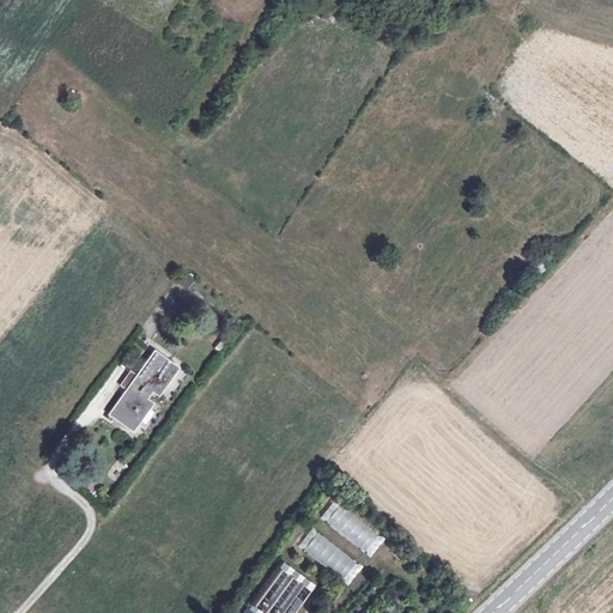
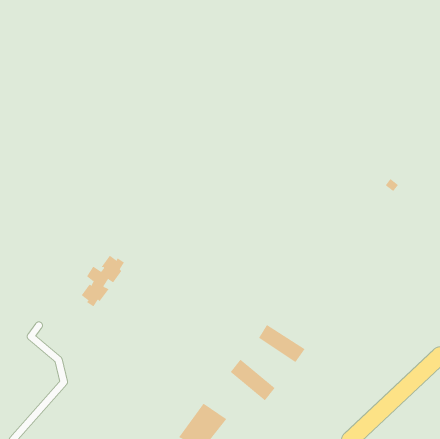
building: [297,530,363,584] -> [258,324,305,363]

